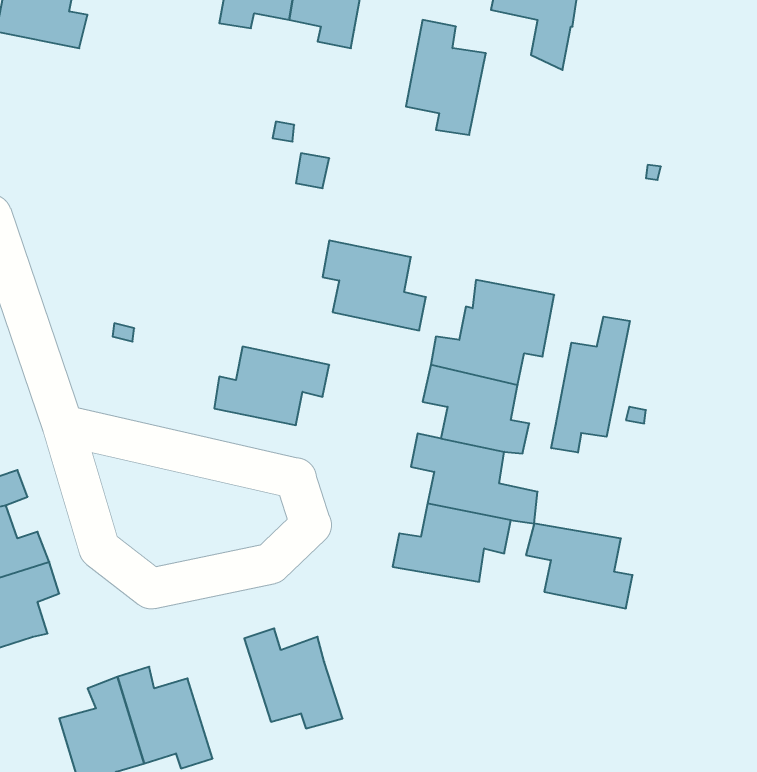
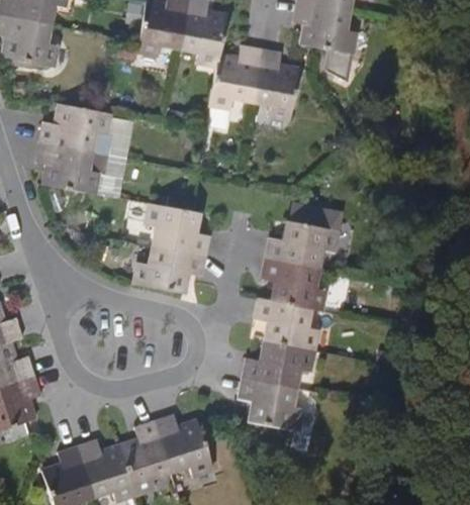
building: none -> [209,43,261,106]
building: none -> [34,104,133,198]
building: [323,240,426,330] -> [146,202,208,257]
building: [551,317,630,453] -> none
building: [526,523,633,608] -> [238,379,302,430]
building: none -> [118,422,169,495]

